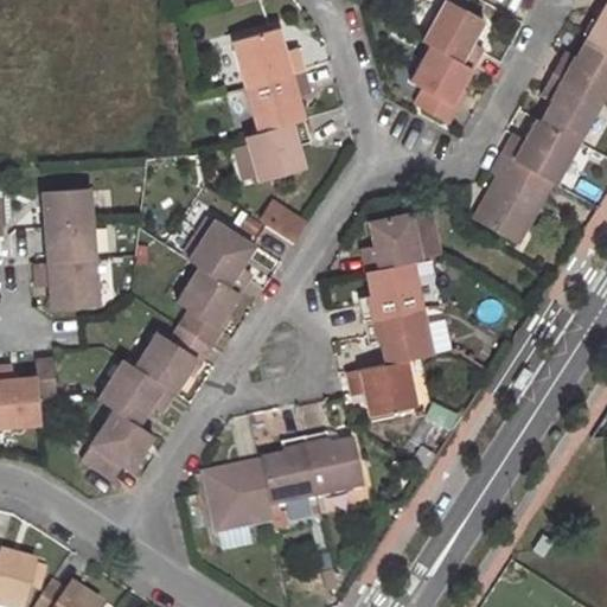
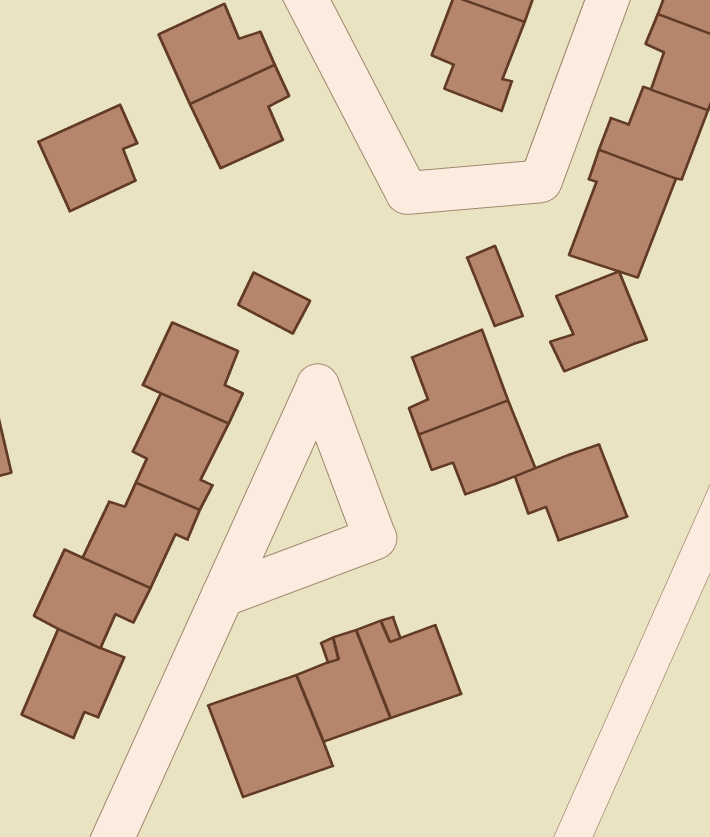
building: [249,119,312,181] -> [38,105,137,211]
building: [359,212,421,270] -> [550,271,647,371]
building: [349,359,416,416] -> [515,445,627,540]

